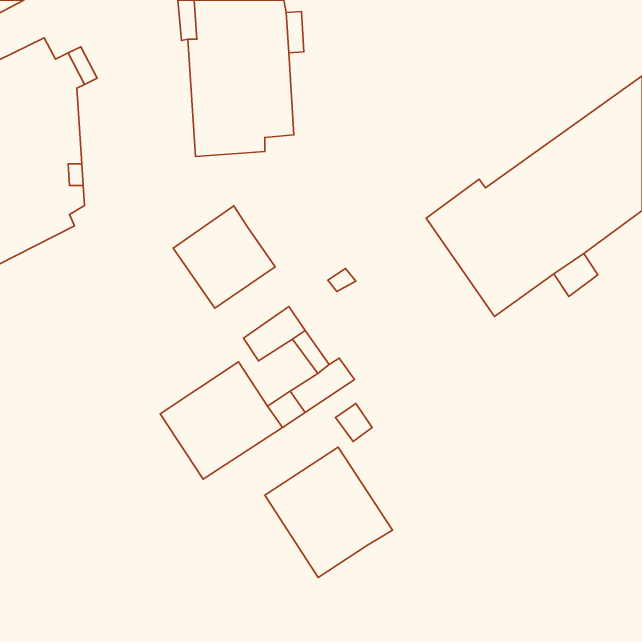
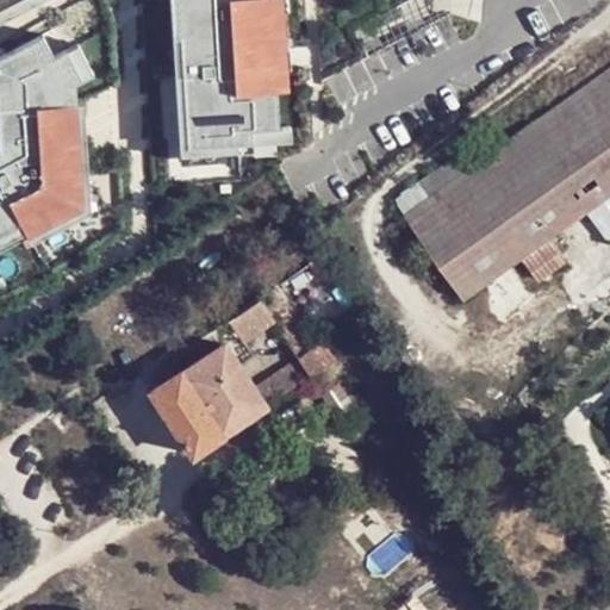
building: [173,206,275,308] -> none
building: [265,447,393,577] -> none

